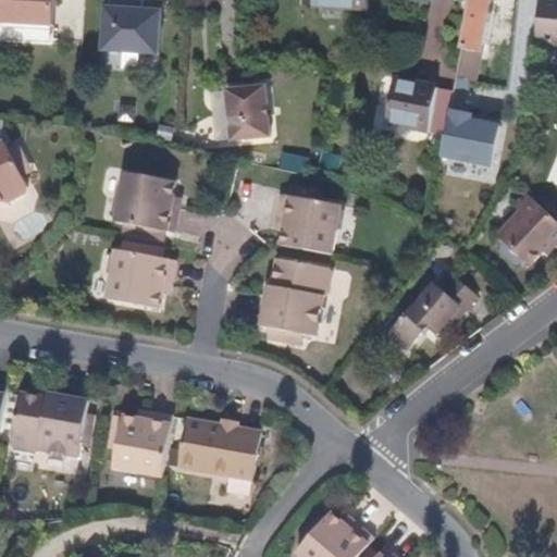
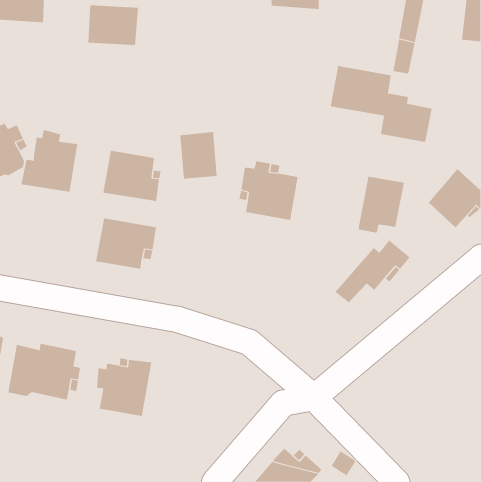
building: [221,83,264,137] -> [179,131,218,179]
building: none -> [21,129,78,193]
building: none -> [358,176,405,233]
building: [261,257,332,341] -> none
building: [178,418,261,479] -> none

